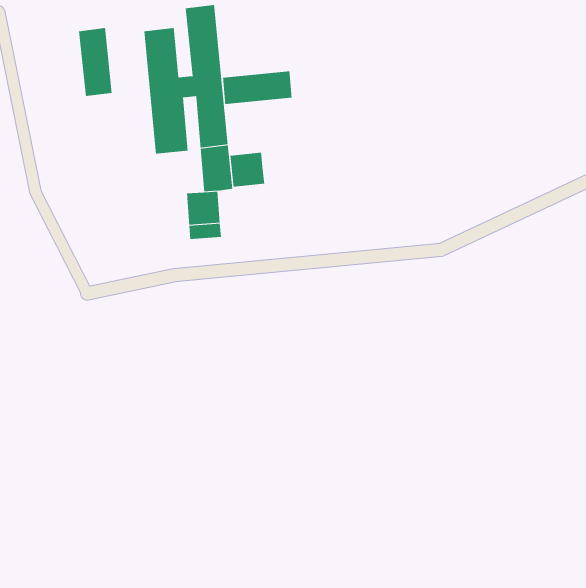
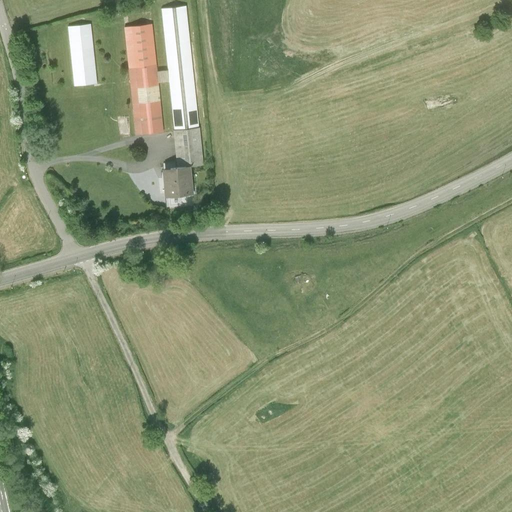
building: [223,70,292,105] -> none
building: [230,152,265,187] -> none

